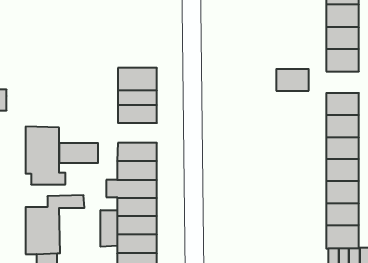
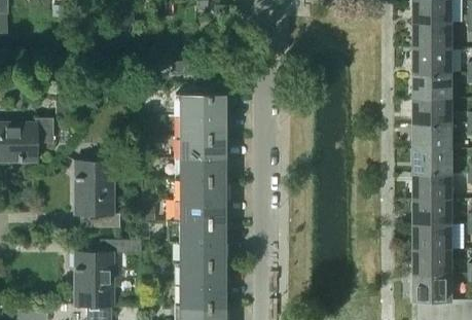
building: [276,69,309,91] -> [416,98,453,122]
building: [59,143,98,163] -> [180,156,224,179]
building: [101,210,117,247] -> none

